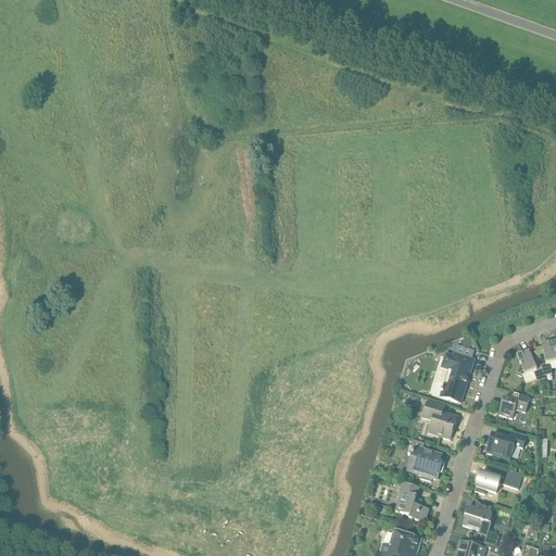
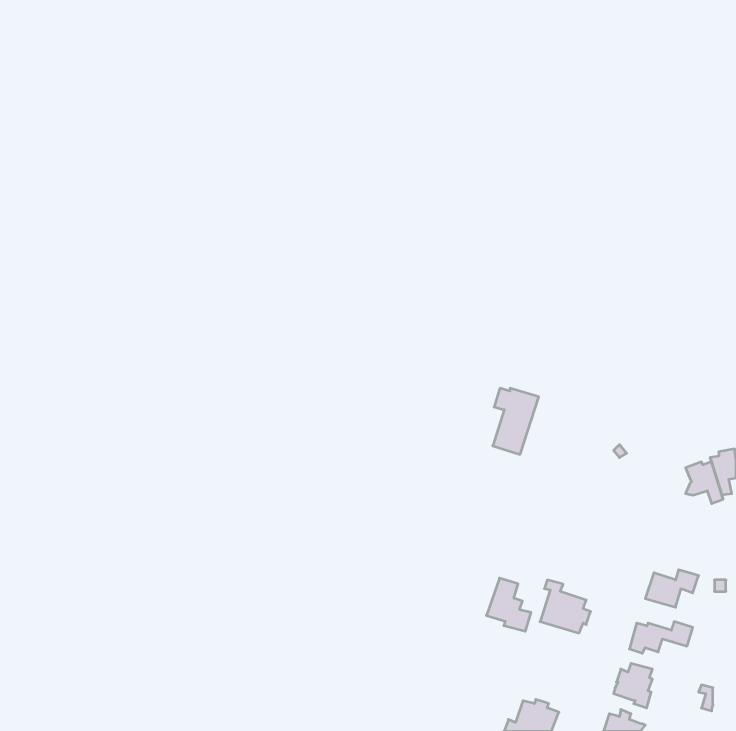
building: [440,352,475,402] -> [493,388,539,454]
building: [498,391,530,417] -> none
building: [422,400,457,438] -> none
building: [395,481,429,521] -> [486,578,531,631]

